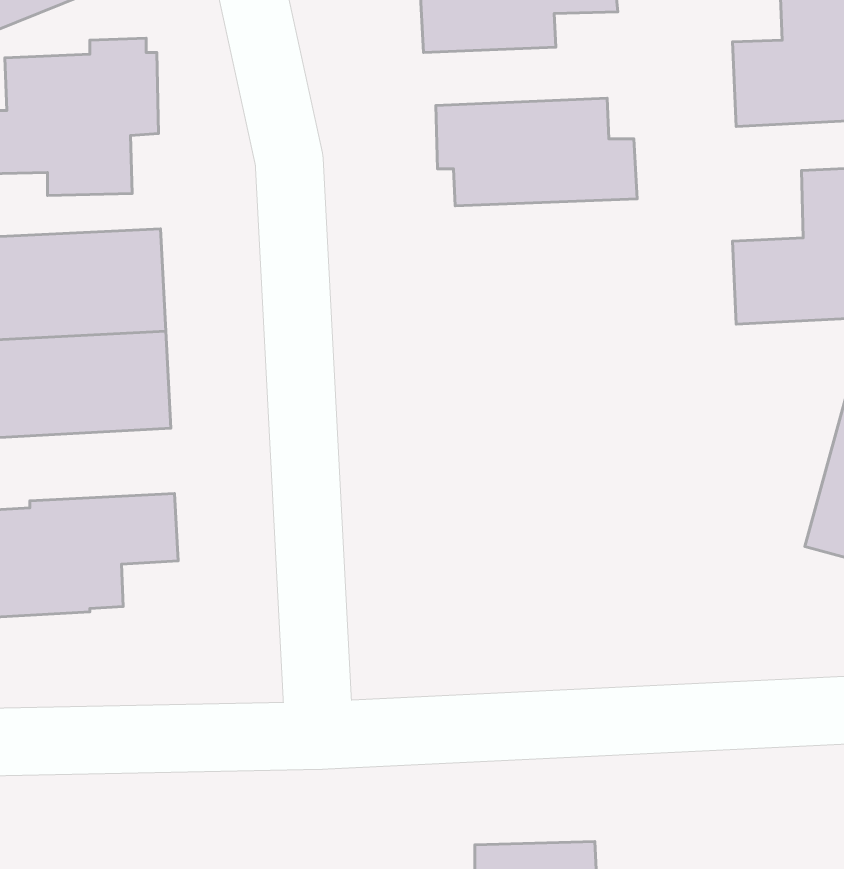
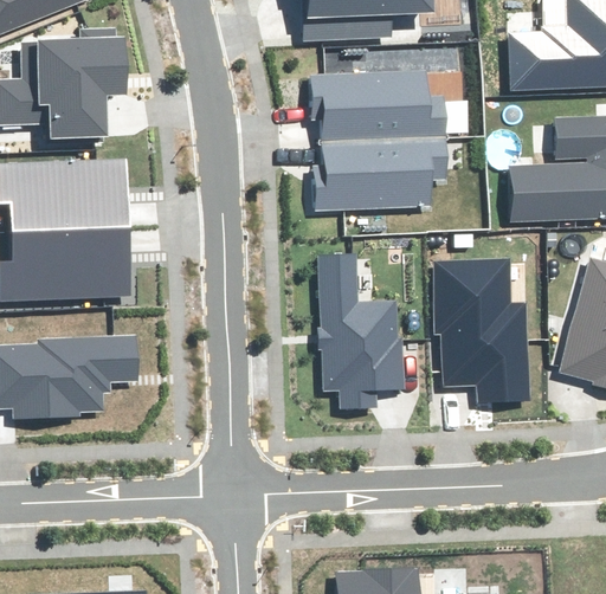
building: none -> [315,138,447,209]
building: none -> [316,256,402,407]
building: none -> [436,260,529,401]

